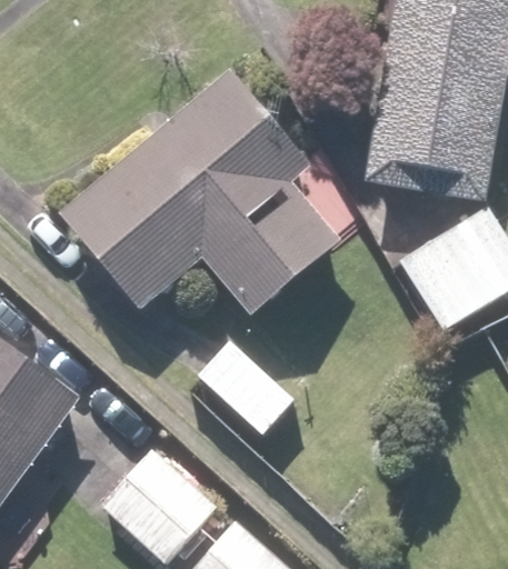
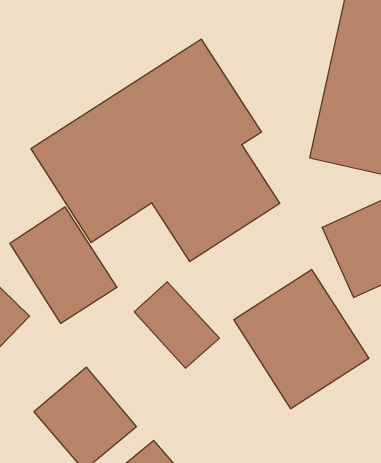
building: none -> [10,207,117,323]
building: none -> [234,269,369,409]

